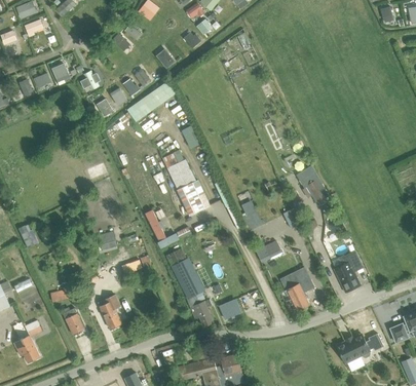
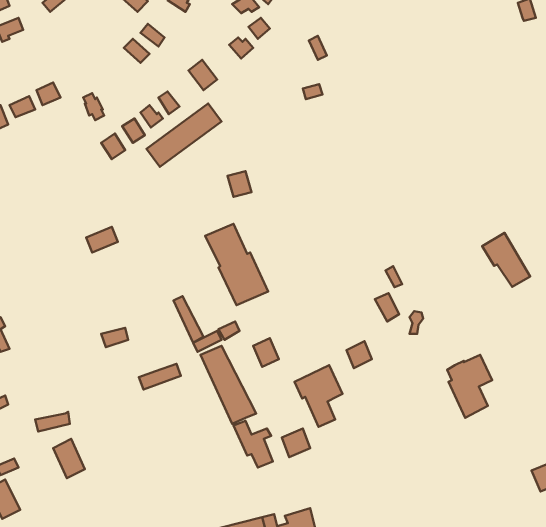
building: [296,165,329,202] -> [482,233,530,287]
building: [281,268,314,310] -> [295,365,343,427]
building: [101,295,122,329] -> none
building: [337,334,384,362] -> none

